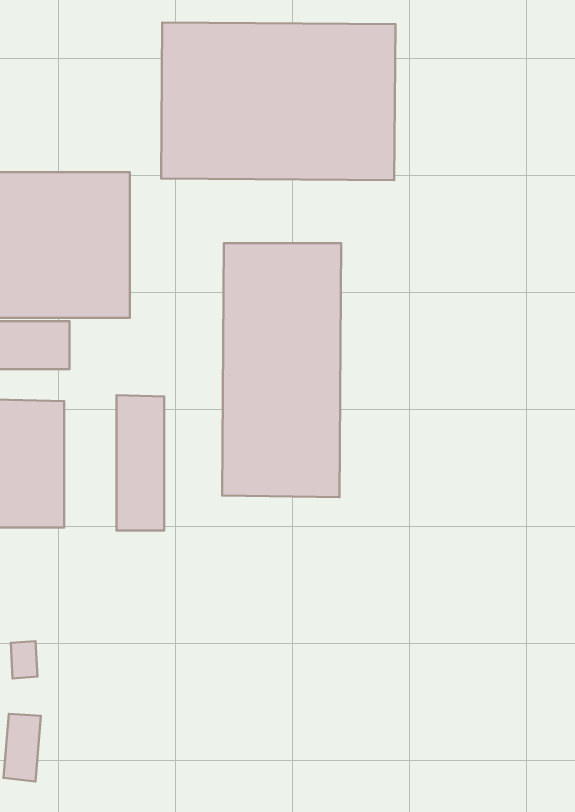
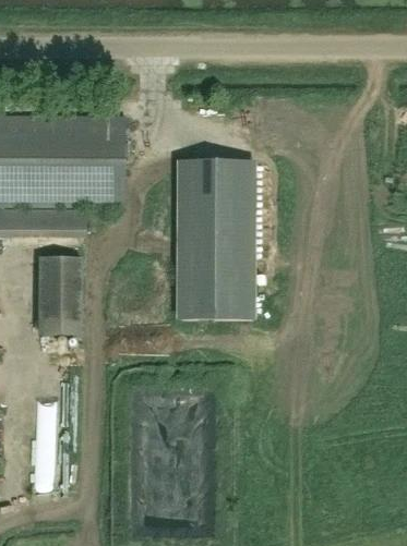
building: [161,23,395,180] -> none
building: [116,395,164,530] -> none

